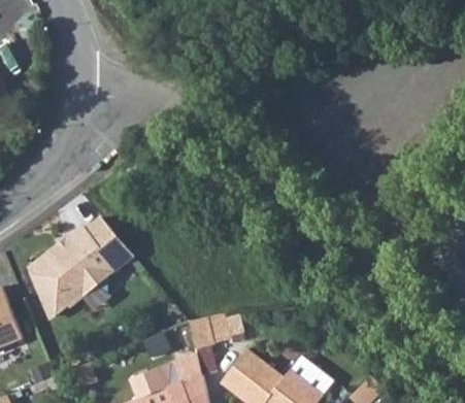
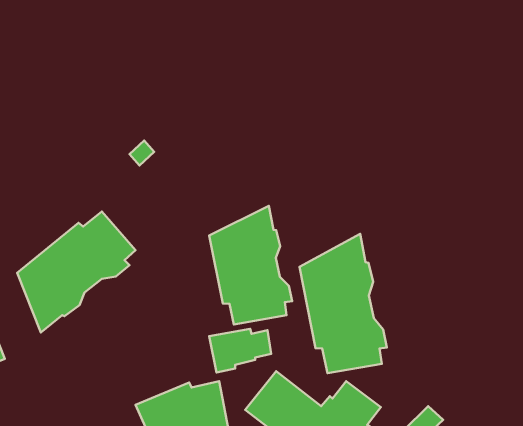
building: none -> [209,206,292,324]
building: none -> [299,234,387,373]

